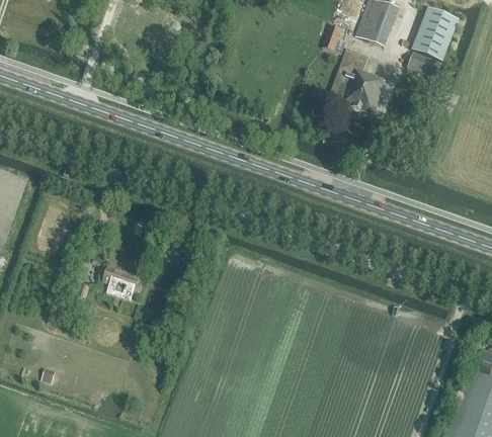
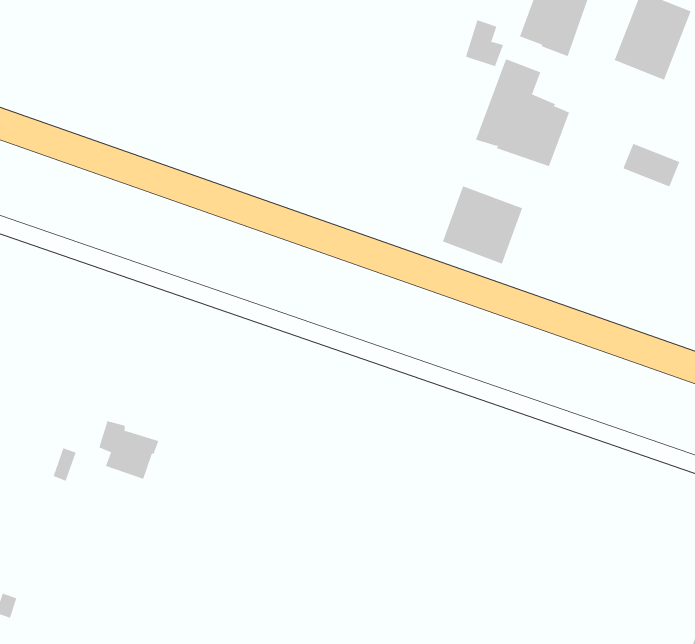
building: [407,53,441,79] -> [623,143,680,187]
building: none -> [442,185,523,265]

